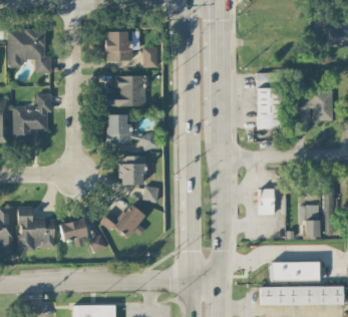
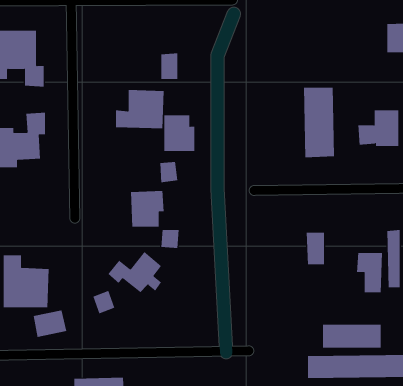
building: [105,31,139,60] -> none
building: [106,114,131,143] -> [164,115,195,151]
building: [60,219,87,241] -> [33,310,67,337]

